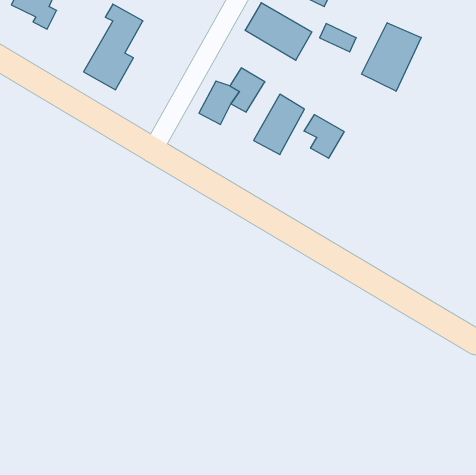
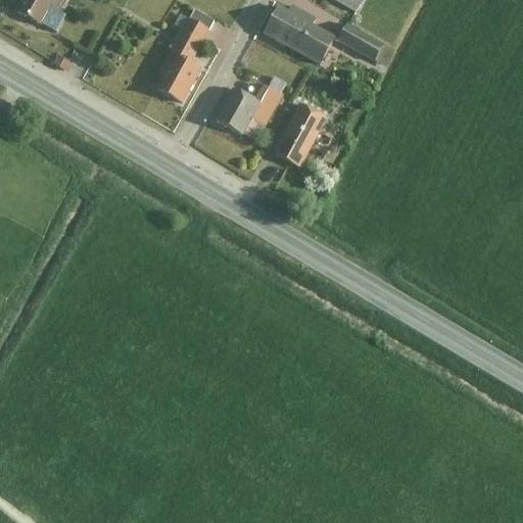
building: [84,4,143,90] -> [148,8,212,101]
building: [362,23,421,91] -> none
building: [304,115,344,158] -> none

